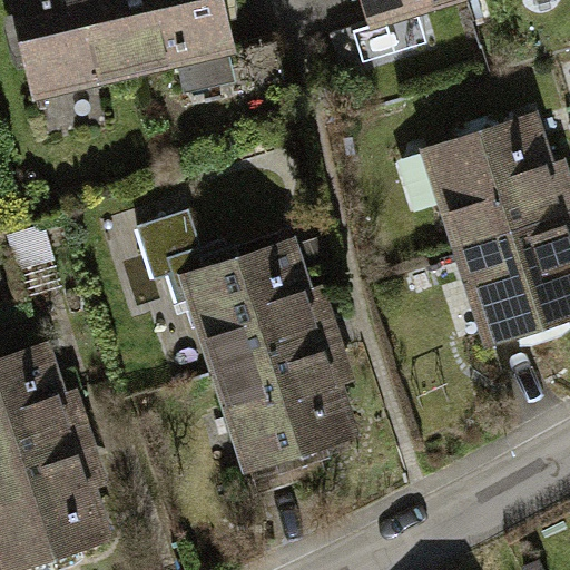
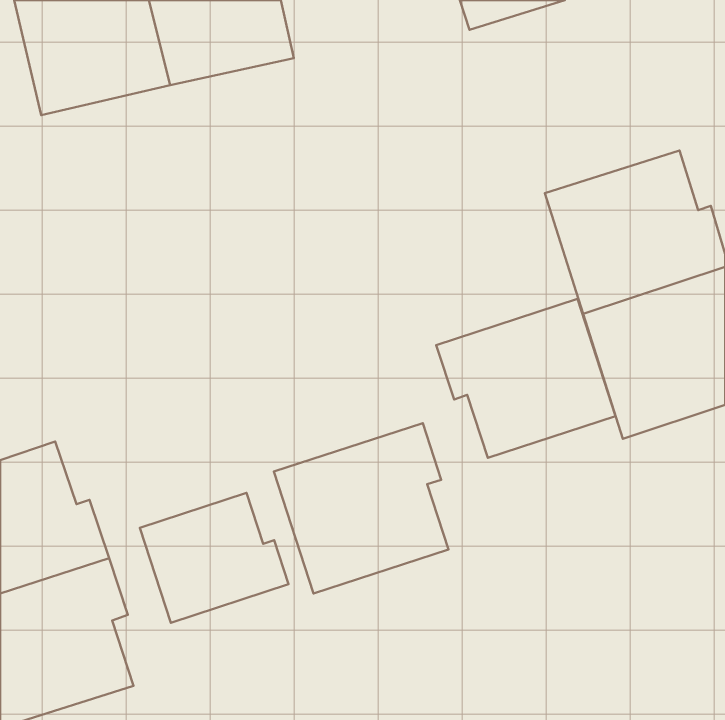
building: [161,210,332,374] -> none
building: none -> [436,299,616,458]
building: none -> [140,493,289,623]

